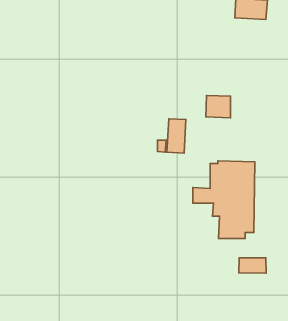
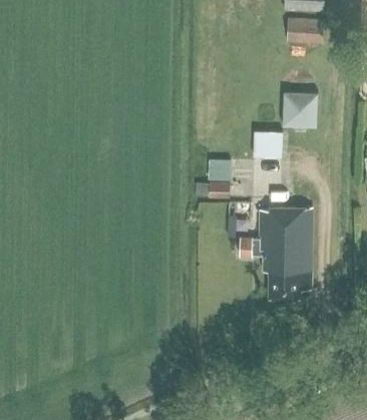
building: none -> [286,93,318,124]
building: [239,258,266,273] -> none

